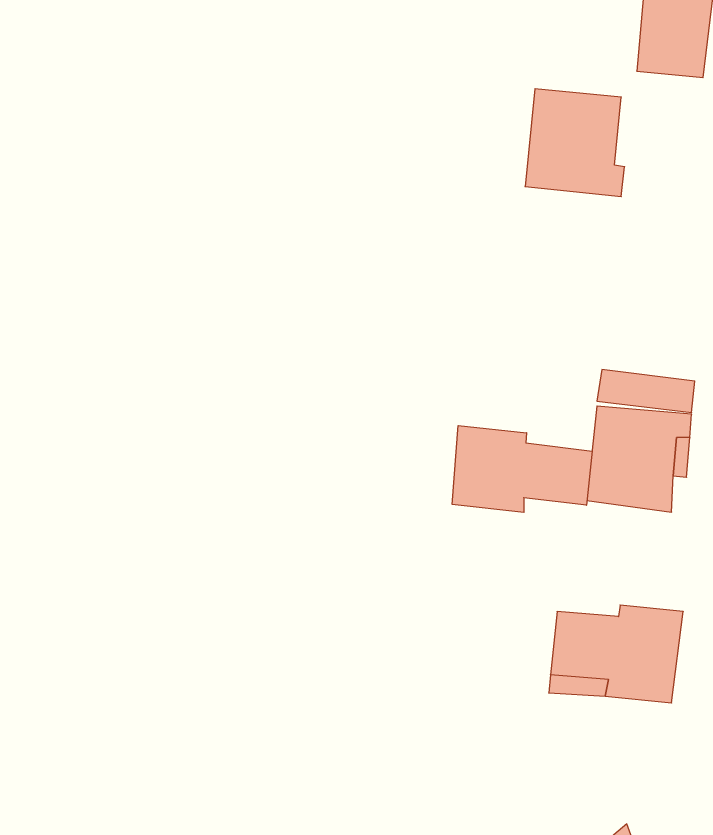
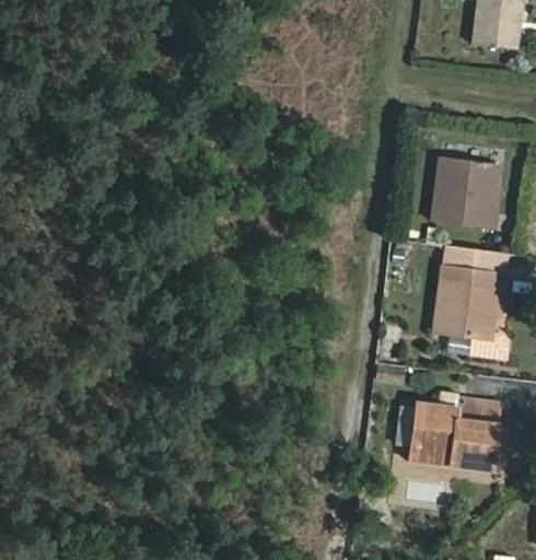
building: [525,89,625,197] -> [431,158,497,229]
building: [452,426,592,512] -> none

